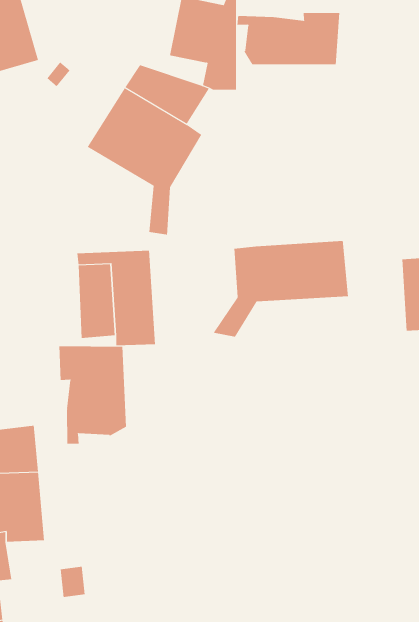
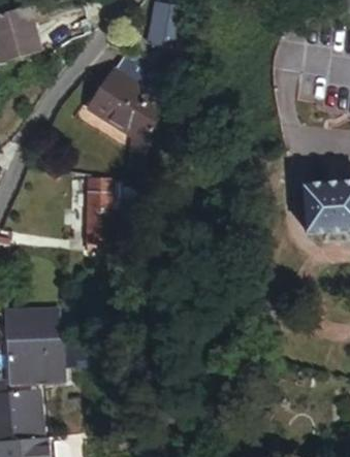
building: [237,12,340,65] -> none
building: [213,240,349,338] -> none
building: [59,346,127,445] -> none

